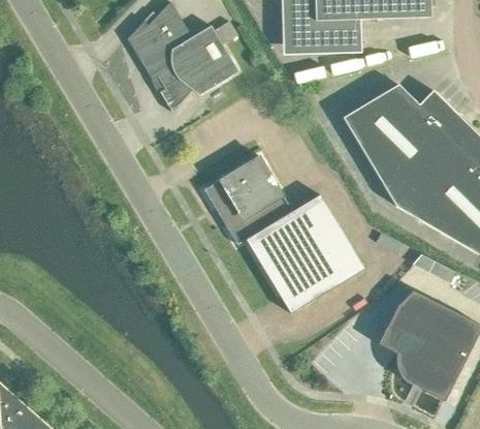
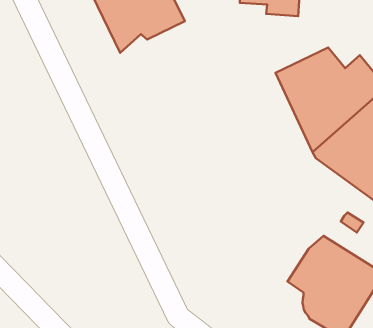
building: [203,156,364,314] -> none

